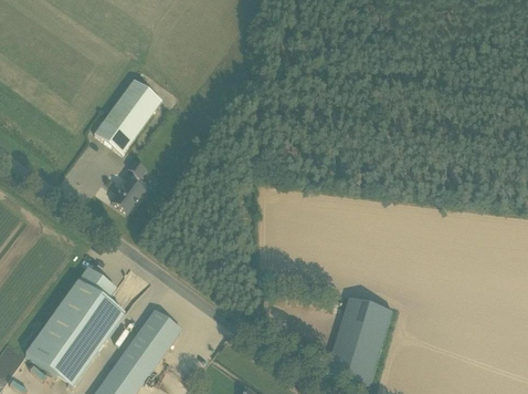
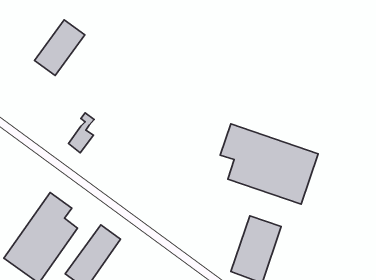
building: [94,77,161,152] -> [34,20,85,76]
building: none -> [220,124,318,204]

